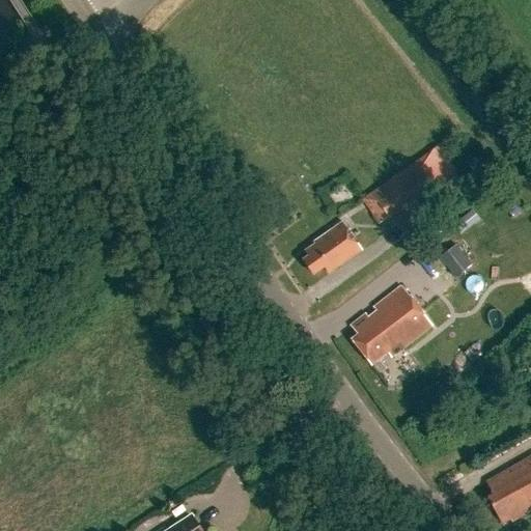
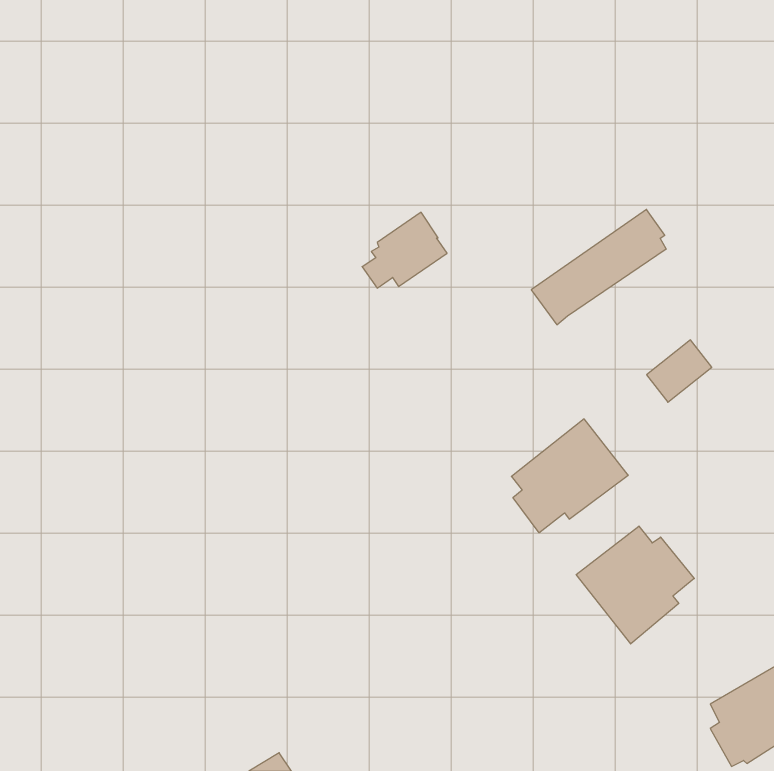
building: [303,221,361,273] -> [362,212,447,288]
building: none -> [576,526,694,644]

